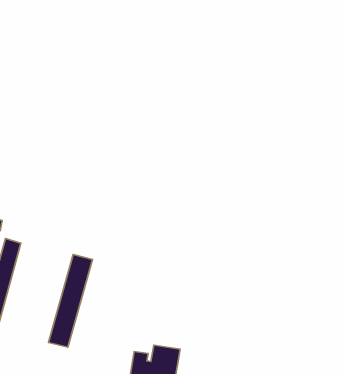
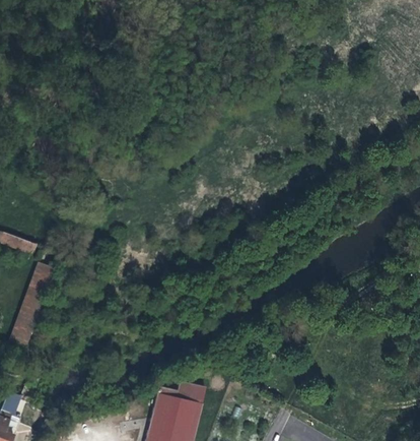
building: [48,255,93,347] -> none

